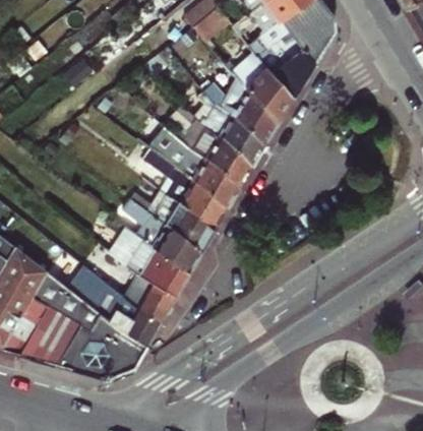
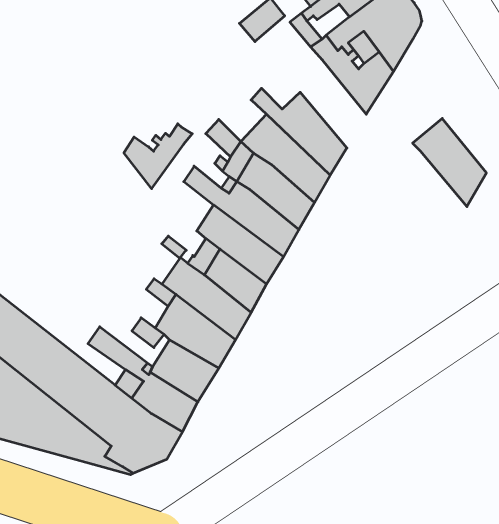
building: [234,54,292,123] -> [413,118,486,207]
building: none -> [124,124,192,189]

